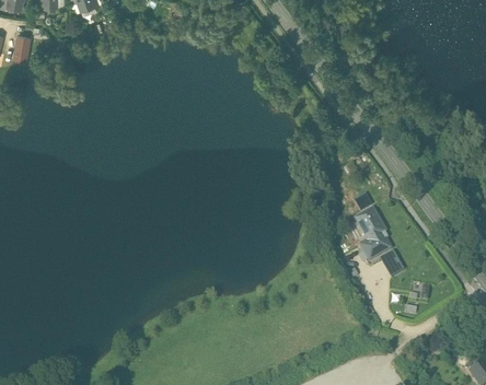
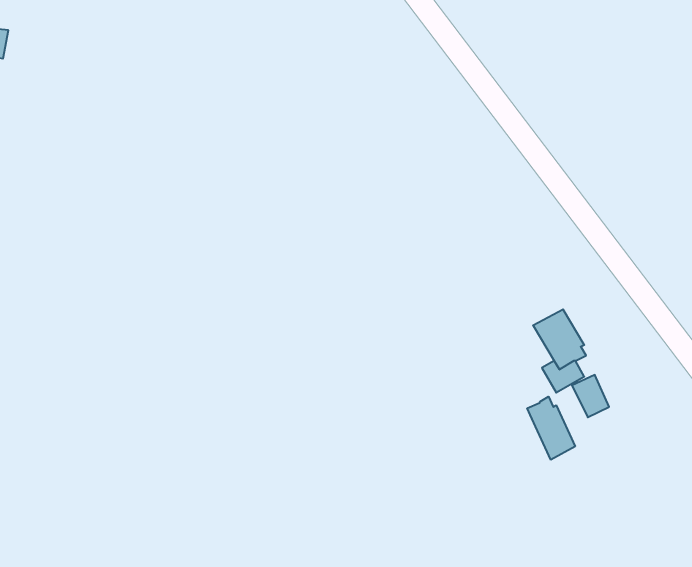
building: none -> [527,397,575,460]

